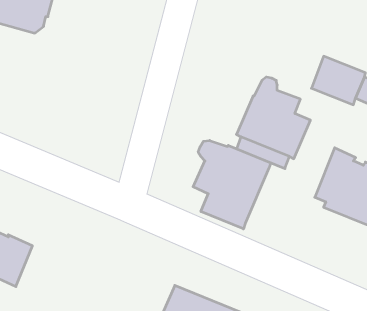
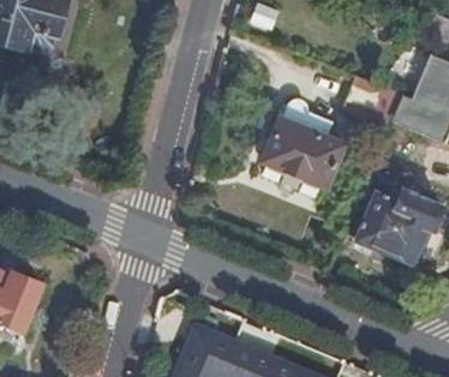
building: [193,140,271,229] -> none

